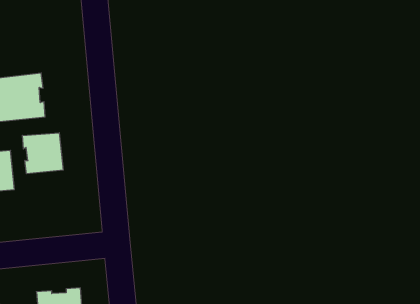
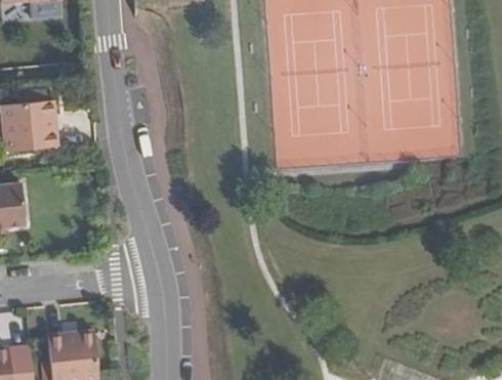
building: [22,133,63,174] -> none

